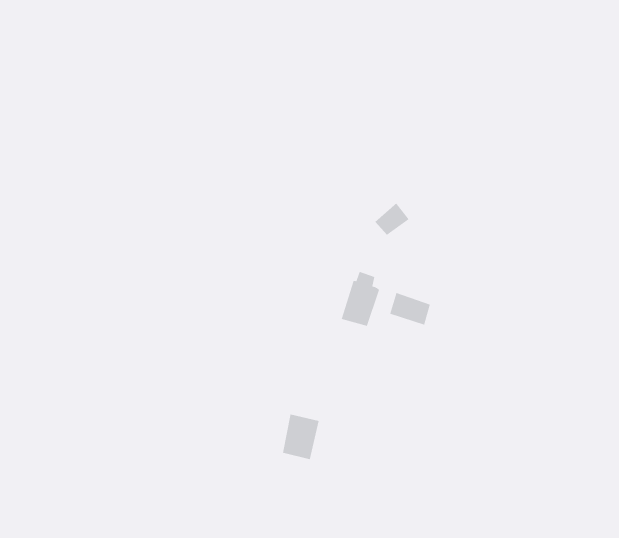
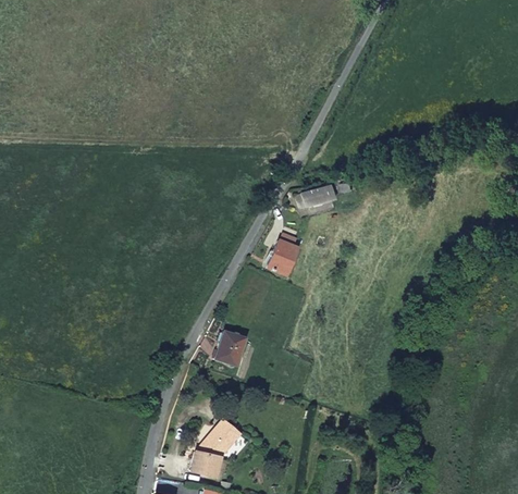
building: [389,292,430,325] -> none

